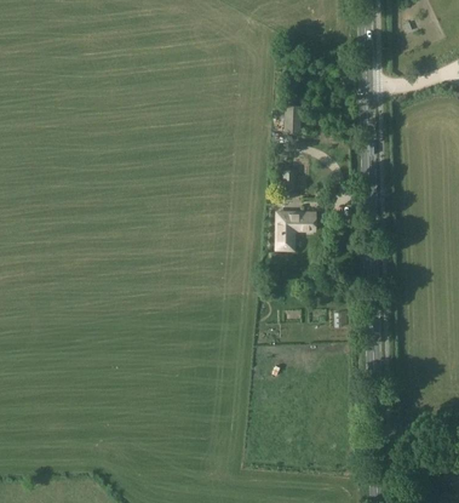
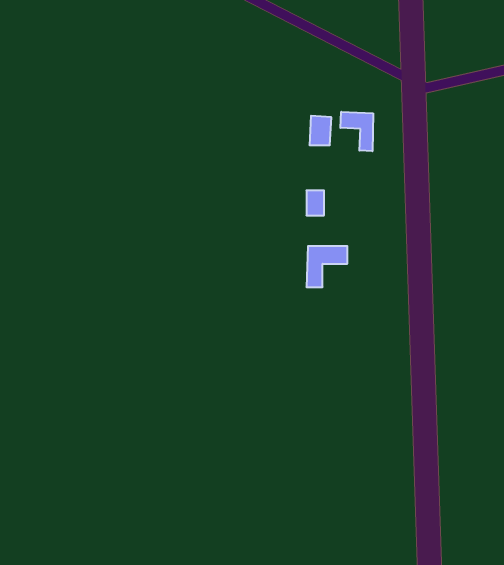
building: none -> [340,112,373,151]

